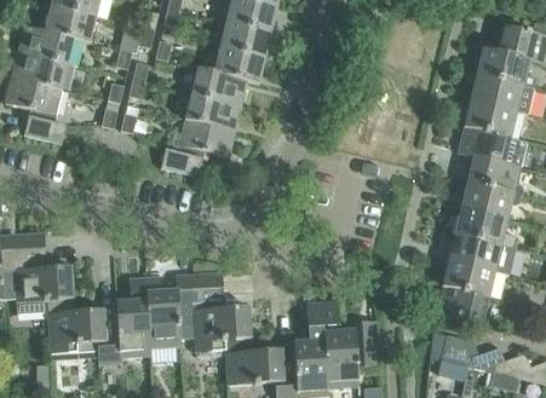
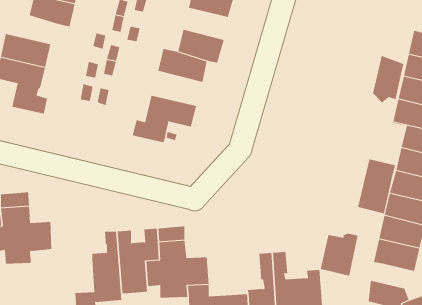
building: [219,22,271,58] -> none
building: [17,25,75,63] -> none
building: none -> [373,55,404,103]
building: [183,93,242,133] -> none
building: none -> [358,158,396,214]
building: none -> [320,233,358,276]
building: [46,296,117,353] -> none

